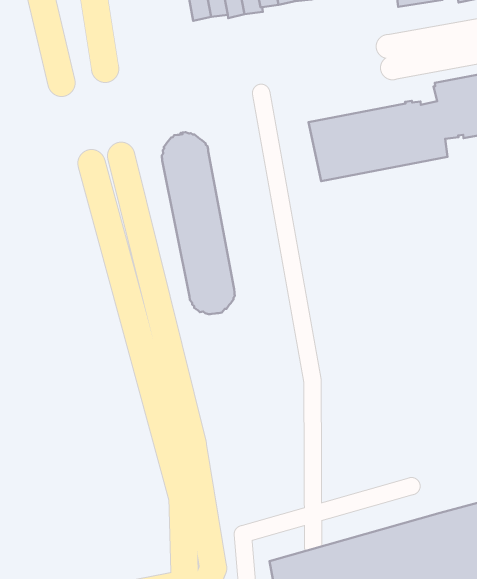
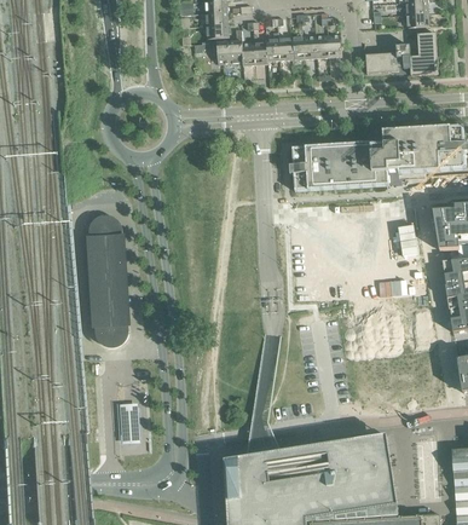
building: [162,132,235,314] -> [87,213,127,346]
building: none -> [119,400,139,442]

